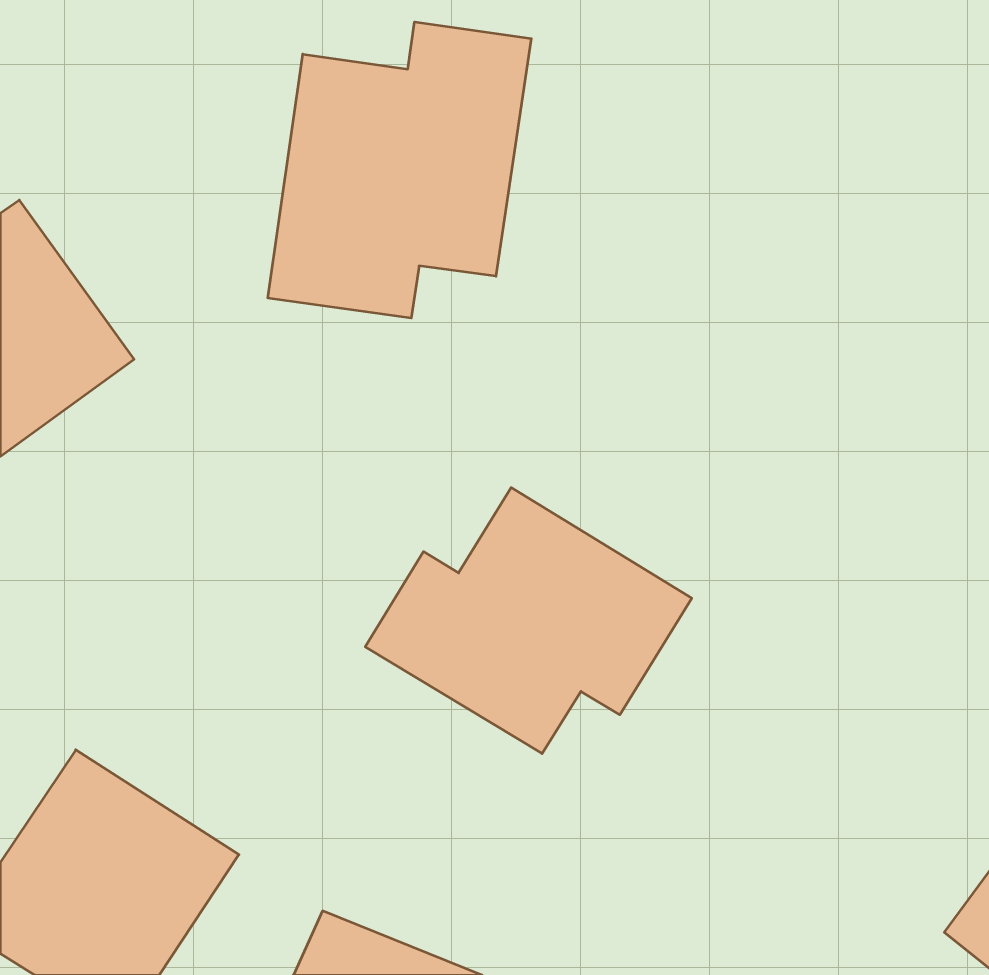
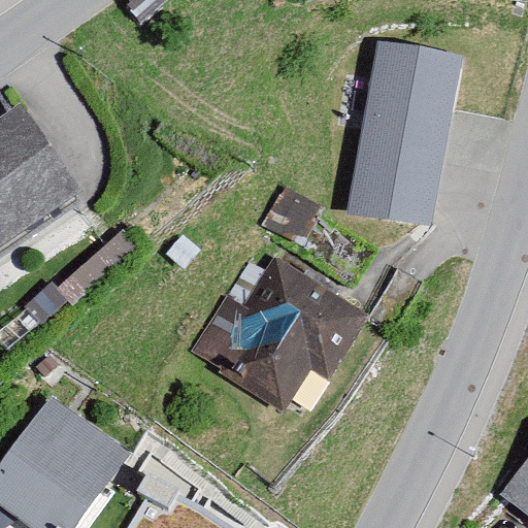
building: [268,22,531,318] -> none
building: none -> [345,46,453,223]

